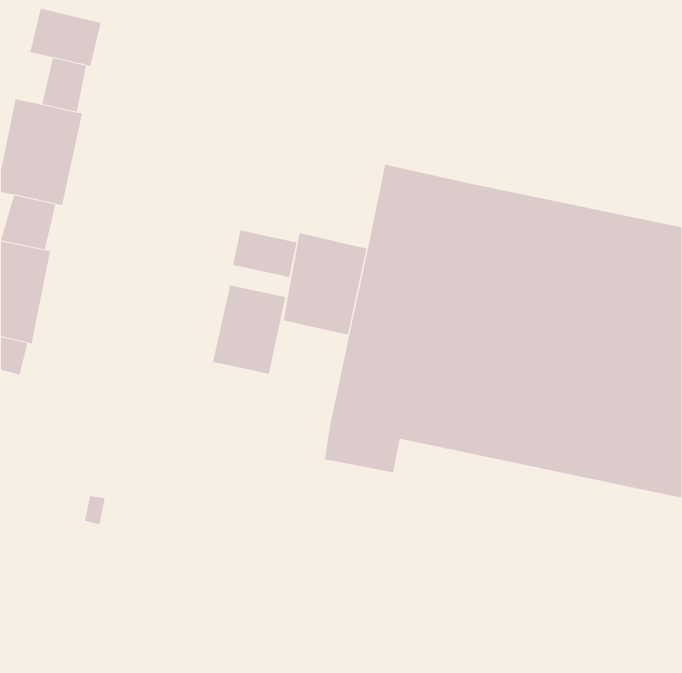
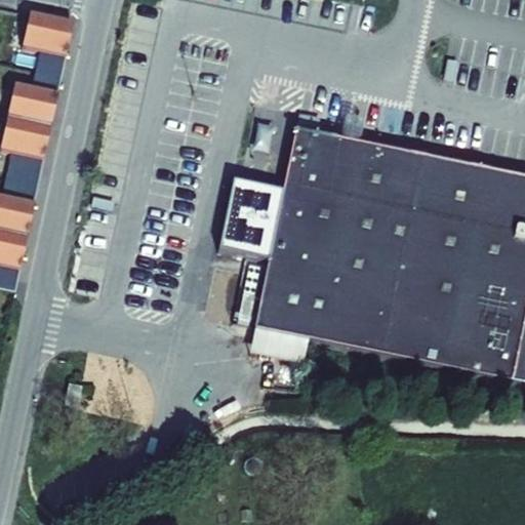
building: [232,229,297,278] -> none
building: [213,284,286,374] -> none

